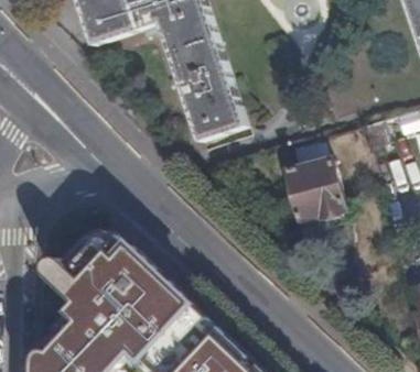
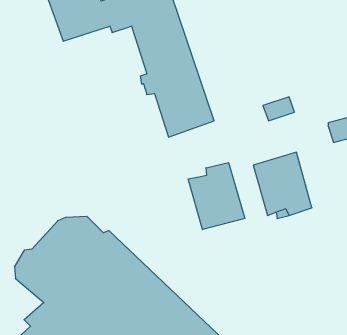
building: none -> [188,163,245,230]

